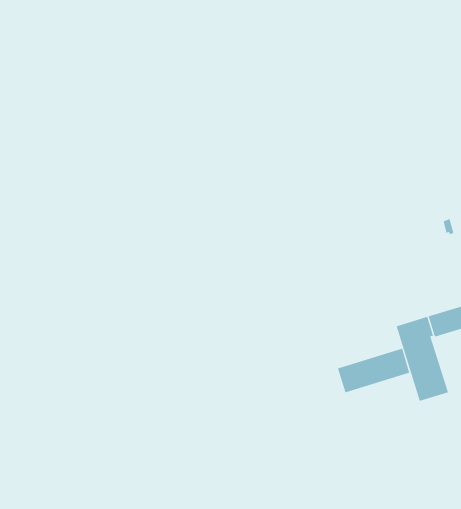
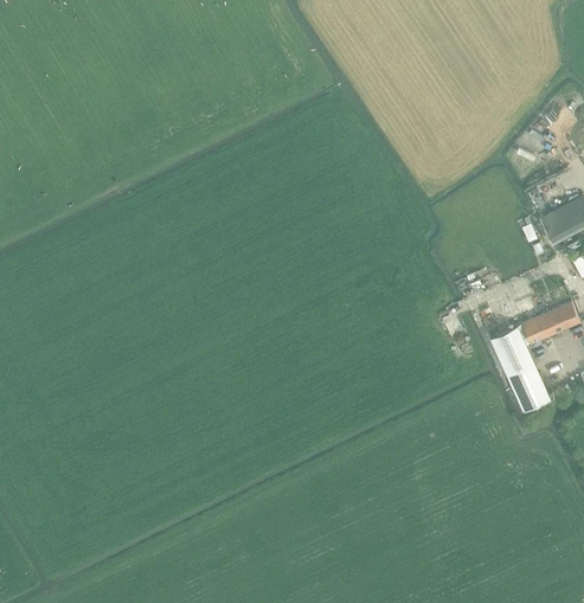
building: [338,348,410,393] -> none

